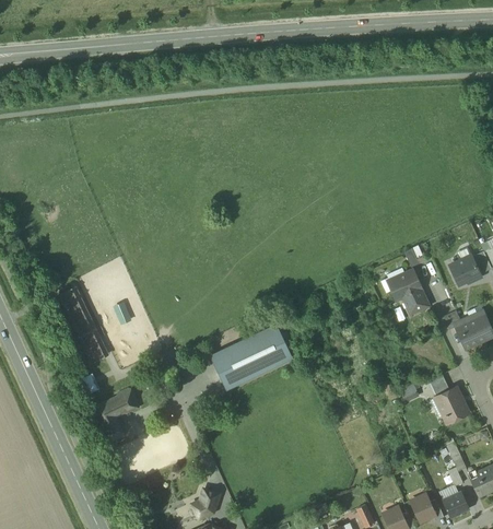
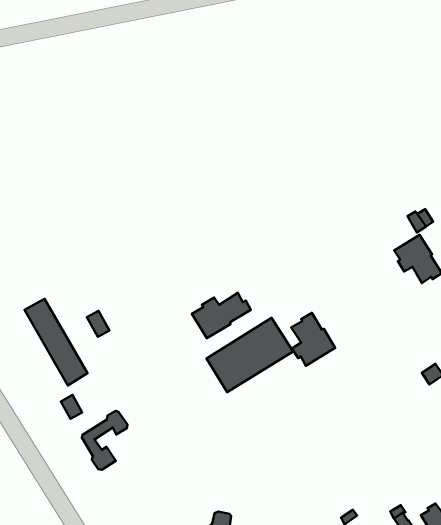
building: none -> [192,293,251,338]
building: none -> [291,313,335,366]

